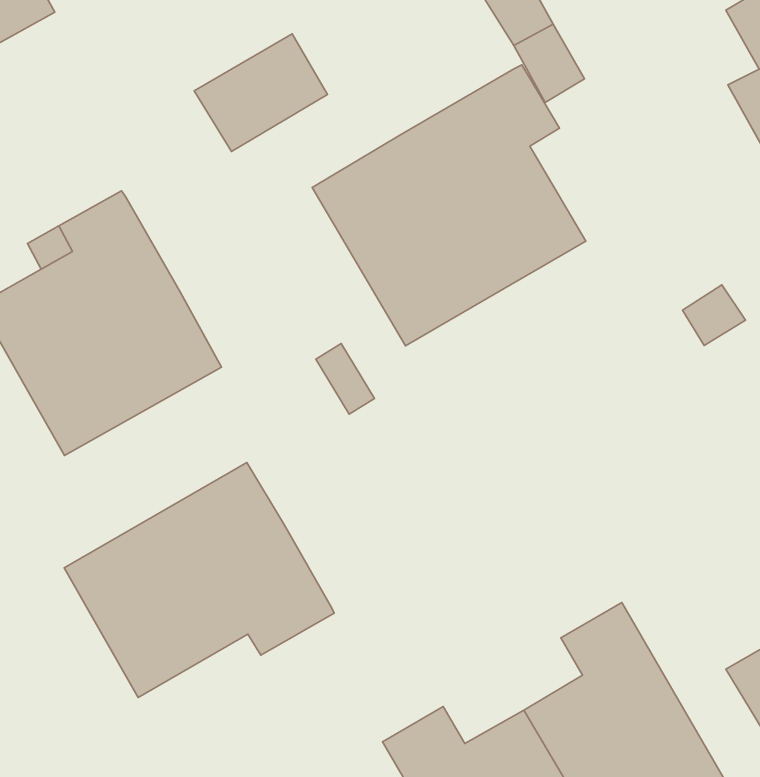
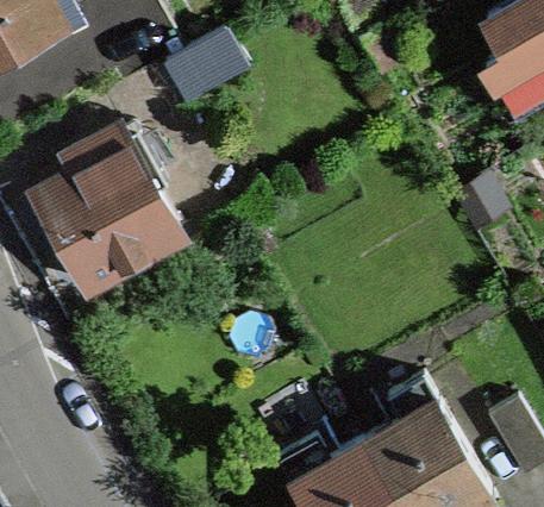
building: [312,65,586,346] -> none
building: [64,462,334,697] -> none

